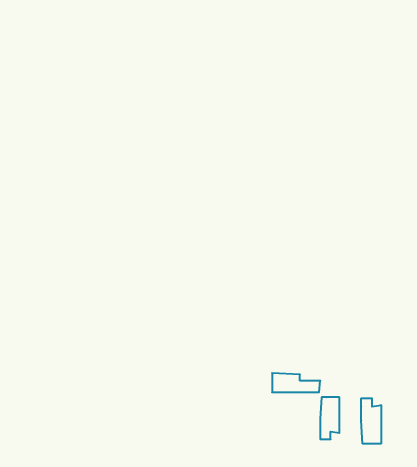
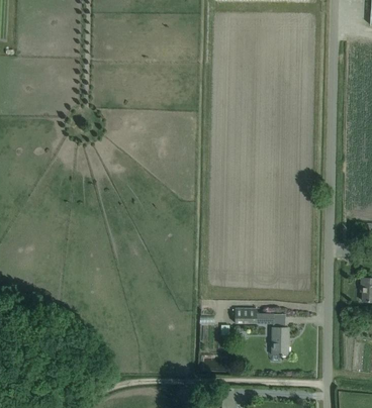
building: [361,398,381,444] -> none

